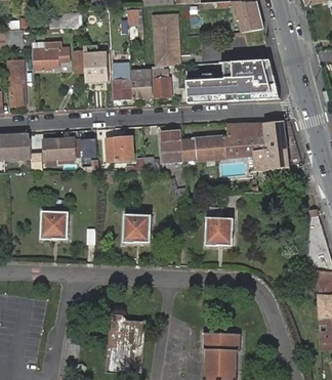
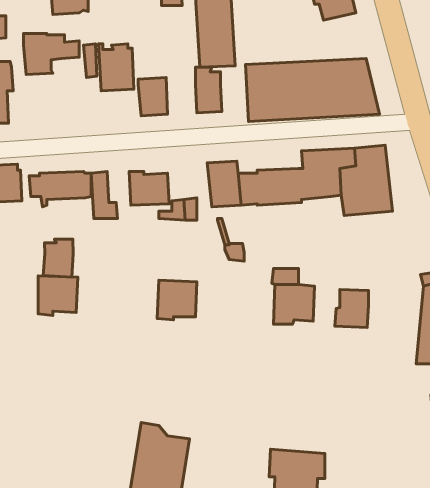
building: [132,71,151,99] -> none
building: none -> [43,239,73,277]
building: none -> [335,290,369,327]

